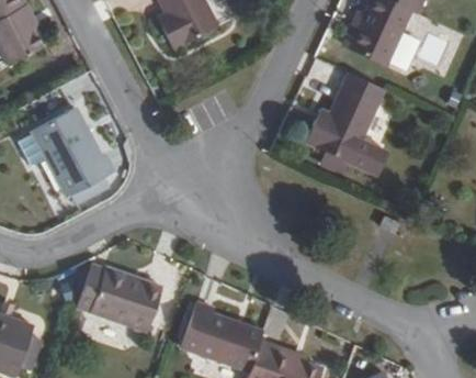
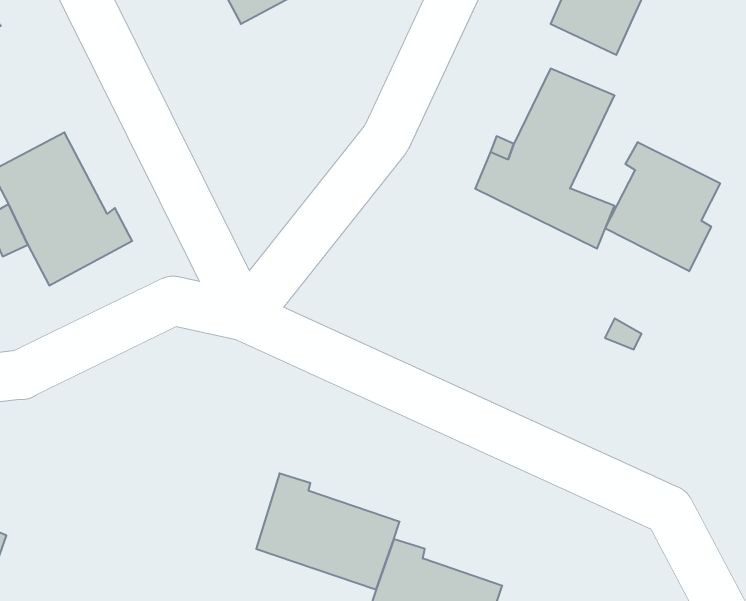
building: none -> [605,142,720,271]
building: [77,265,161,330] -> none

